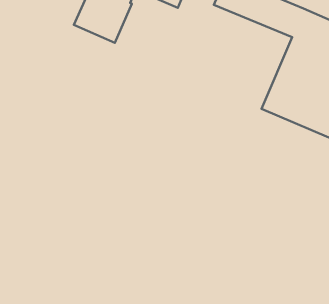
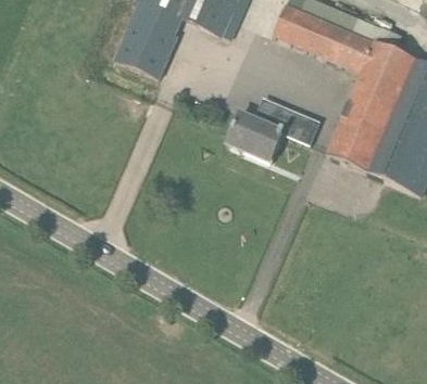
building: none -> [227,97,322,159]

